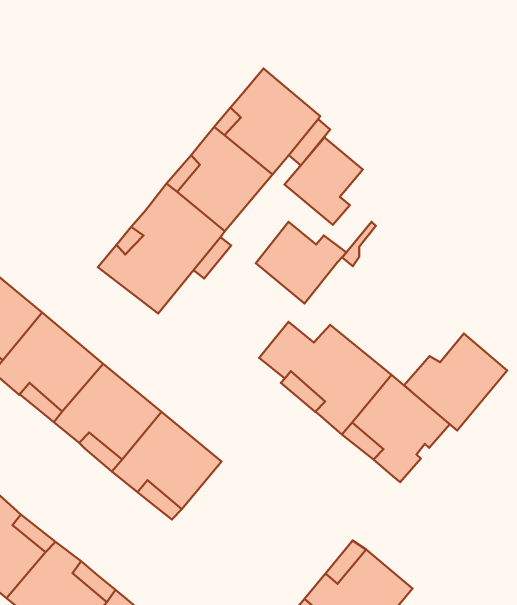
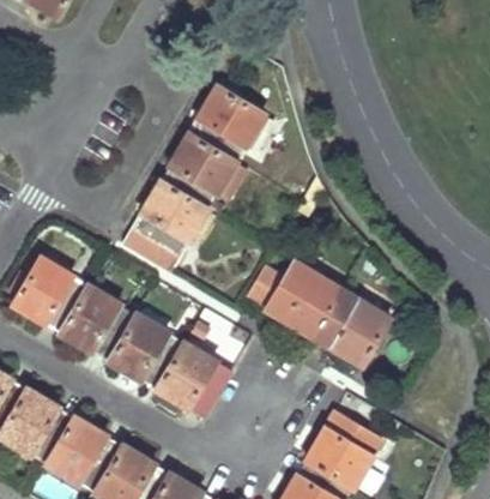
building: [285,138,363,225] -> none
building: [256,222,346,303] -> none
building: [404,334,507,430] -> none

